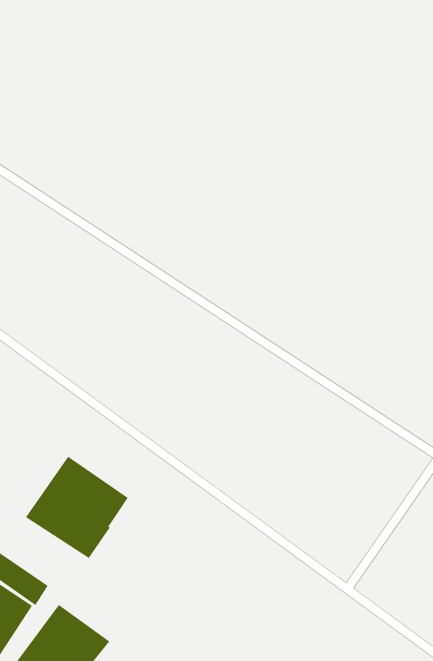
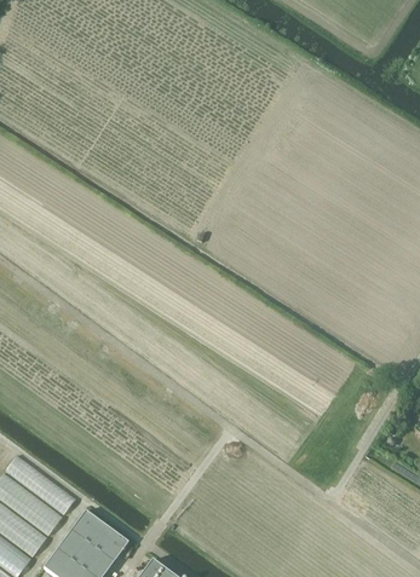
building: [25,456,129,559] -> none

